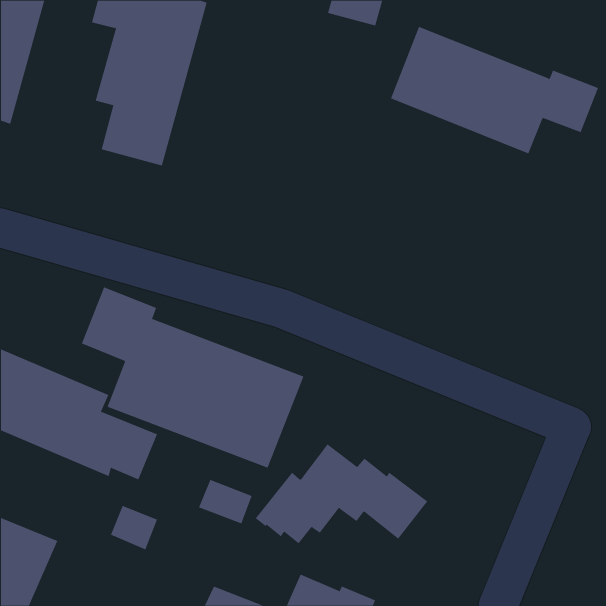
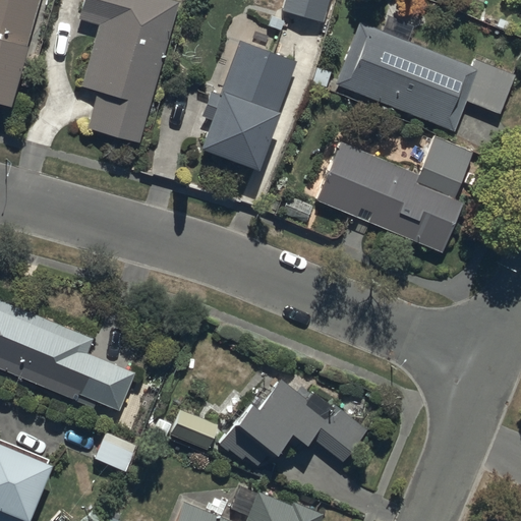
building: none -> [198,41,296,171]
building: none -> [315,135,478,253]
building: [81,286,304,469] -> none

